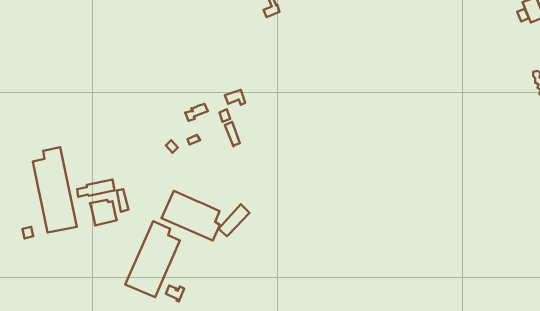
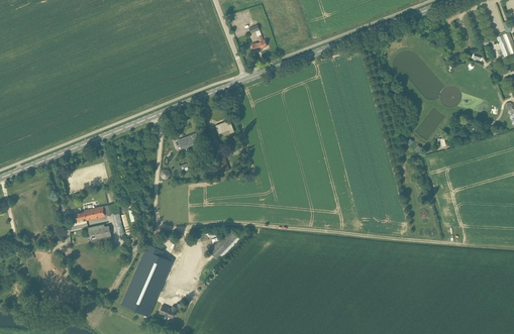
building: [33,147,77,233] -> none
building: [162,191,220,240] -> none

